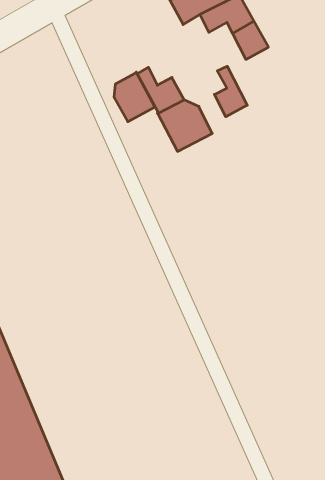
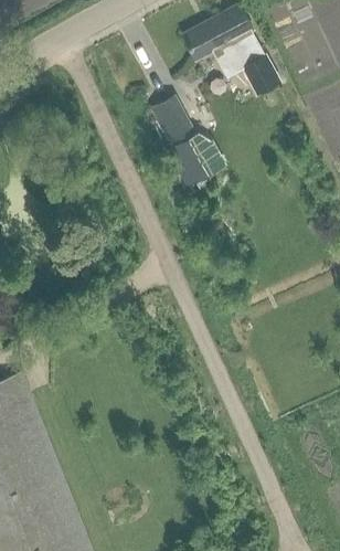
building: [214,66,247,117] -> none
building: [114,72,155,122] -> none

